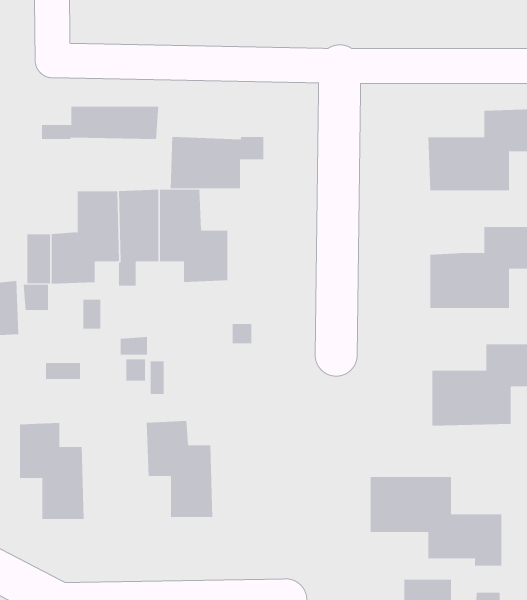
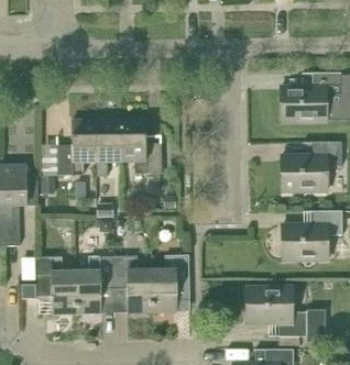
building: [41,106,159,140] -> none
building: [170,136,264,189] -> none
building: none -> [151,254,188,312]
building: none -> [75,256,113,313]

